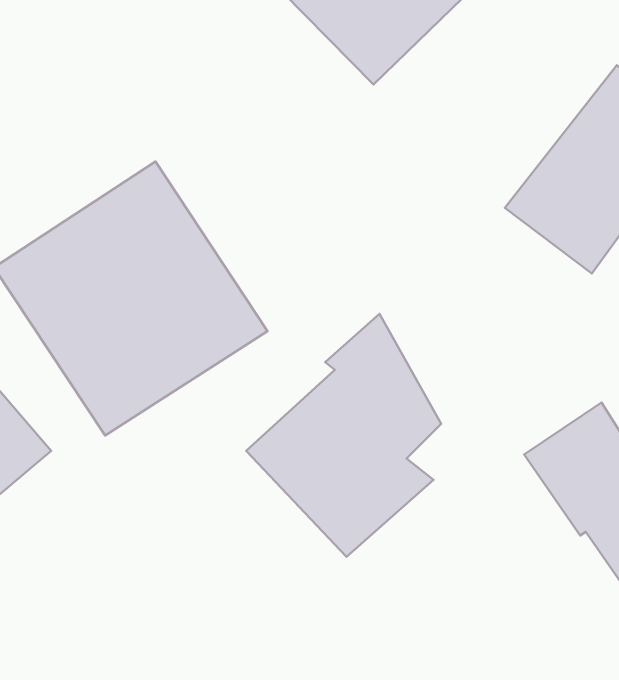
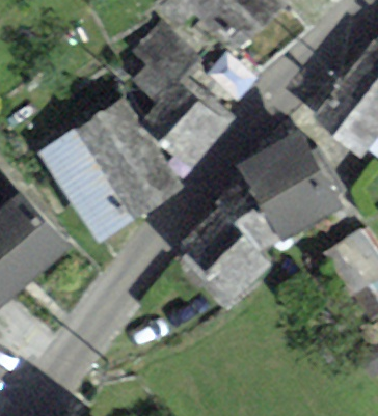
building: none -> [132,22,234,168]
building: none -> [236,129,345,244]

